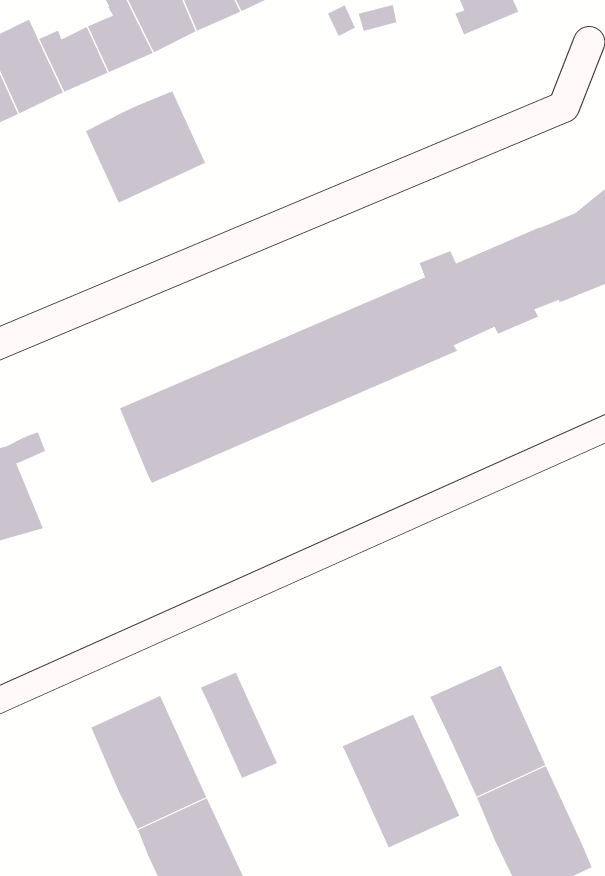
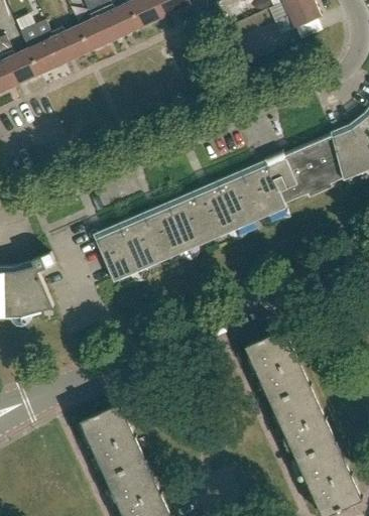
building: [85,90,206,204] -> none
building: [200,672,278,779] -> none
building: [342,714,460,848] -> [243,326,310,401]

